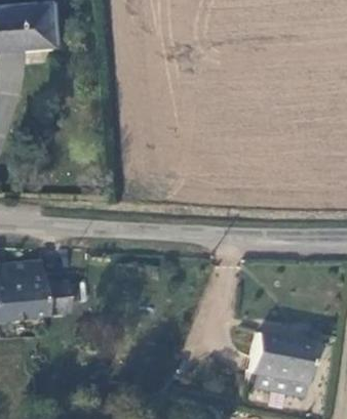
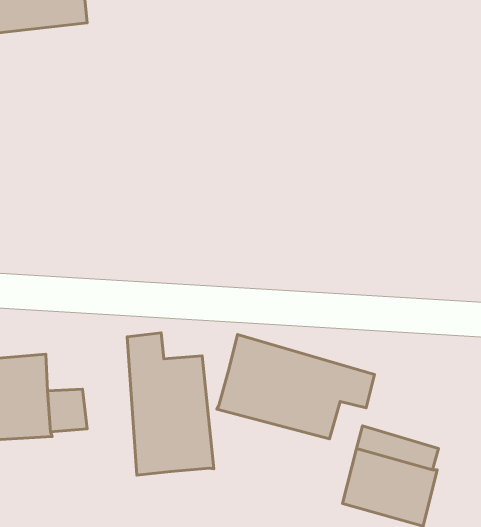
building: none -> [127,333,214,475]
building: none -> [217,335,374,439]

